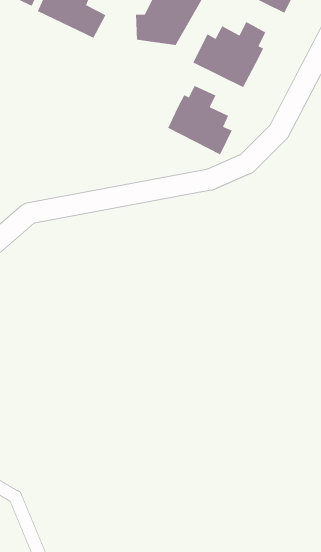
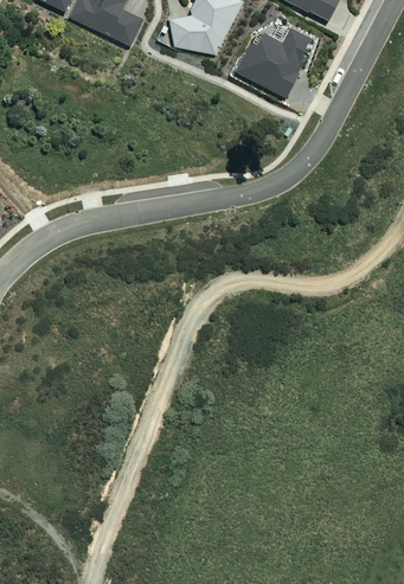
building: [167,85,233,155] -> none

